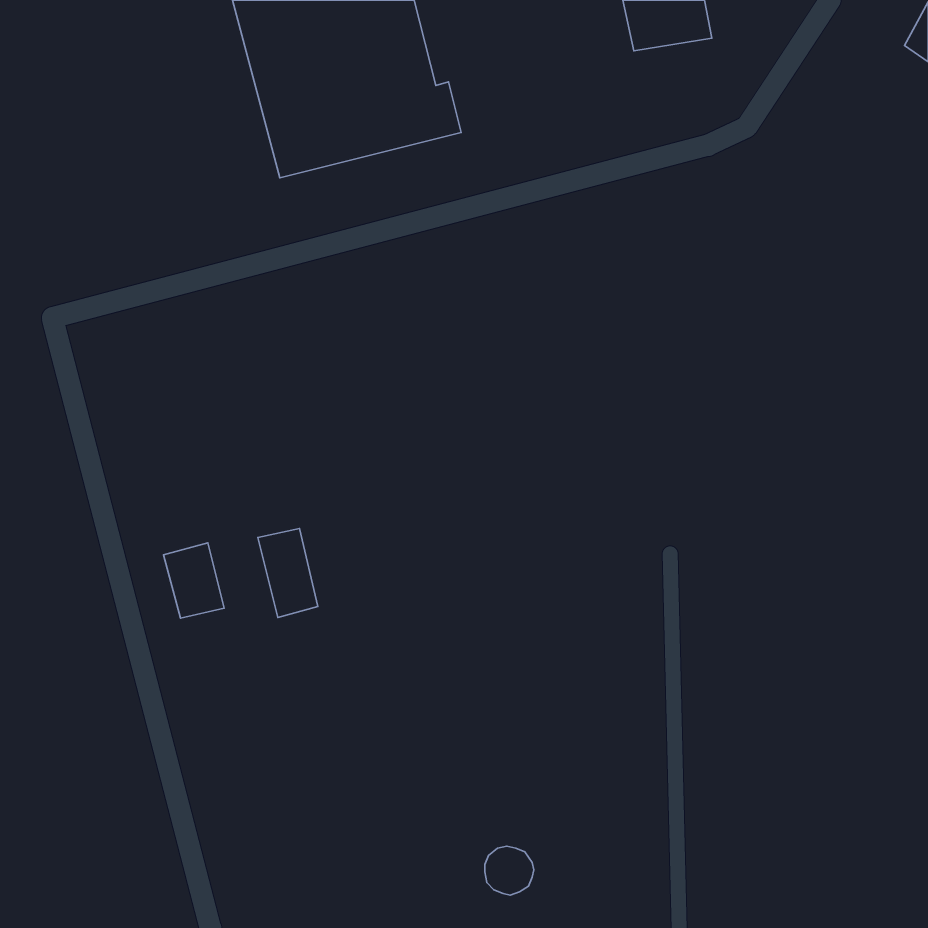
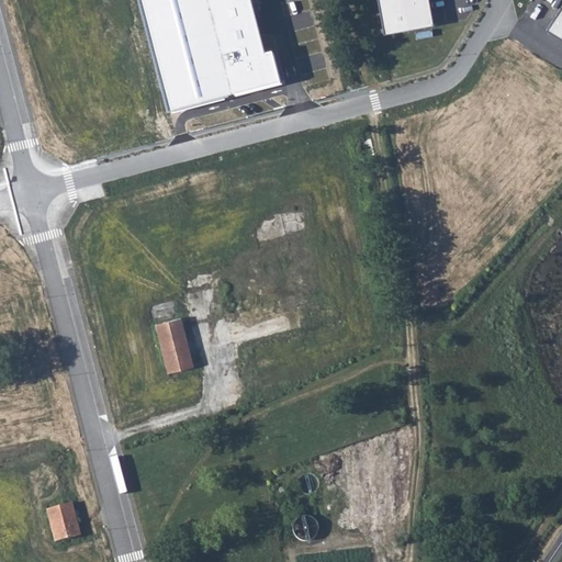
building: [163,543,224,618] -> none
building: none -> [48,501,80,540]

